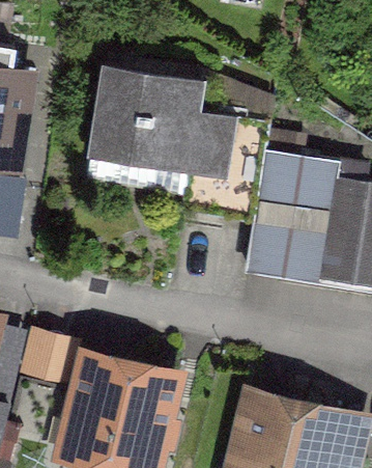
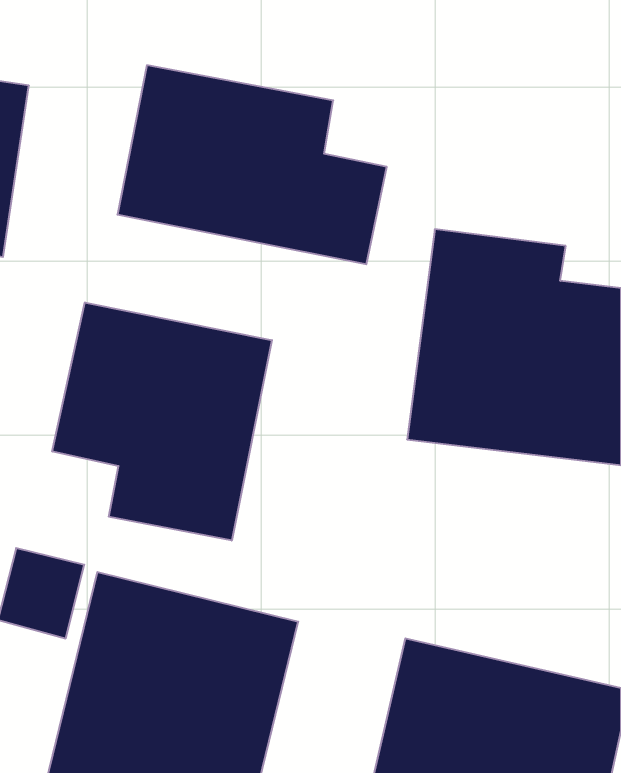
building: none -> [52,302,272,541]

